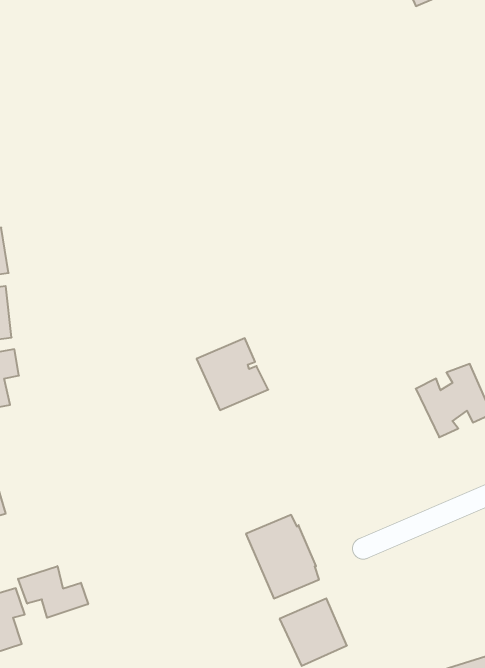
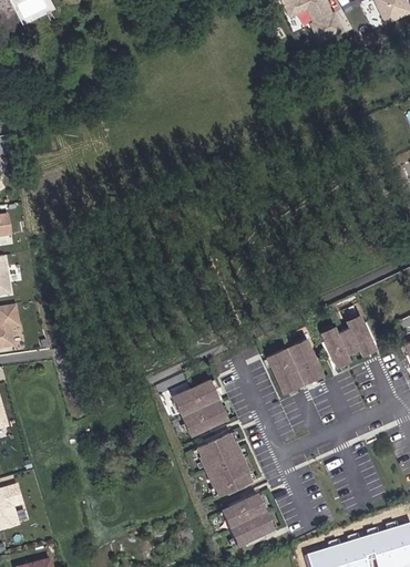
building: [197,338,268,410] -> [171,374,225,429]
building: none -> [264,334,320,389]
building: [18,566,88,618] -> none

